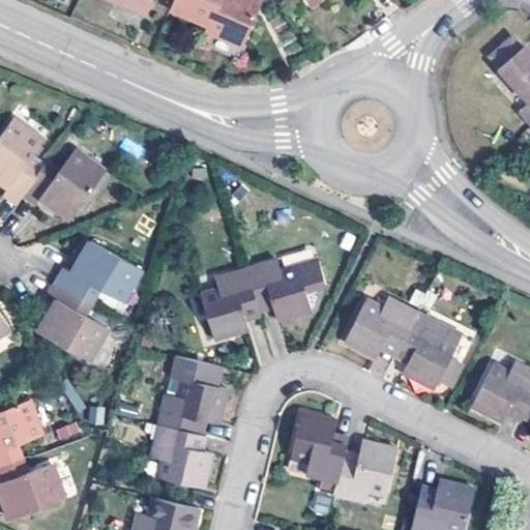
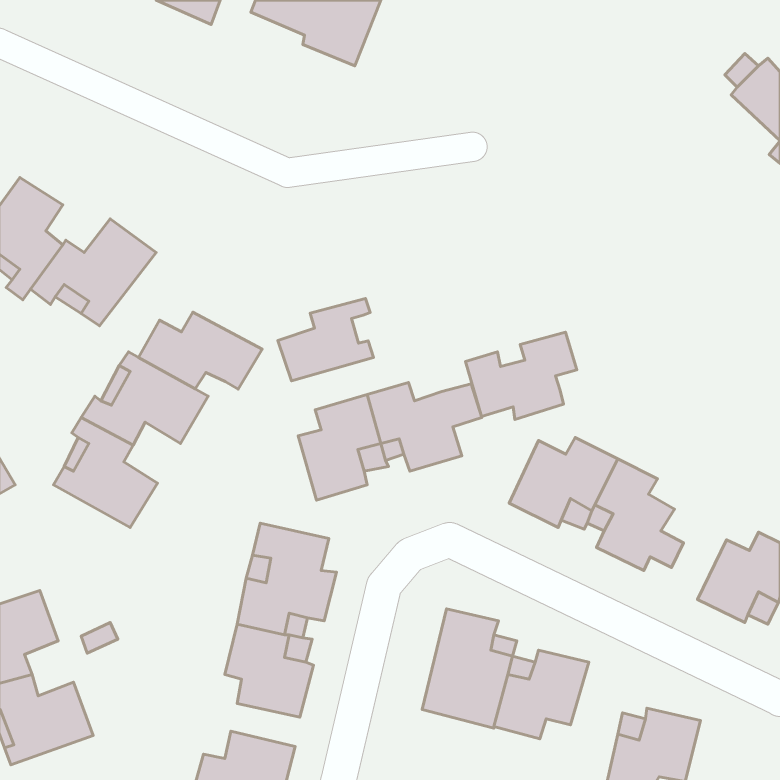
building: none -> [278,299,373,381]
building: none -> [139,312,262,389]
building: none -> [466,332,577,419]

